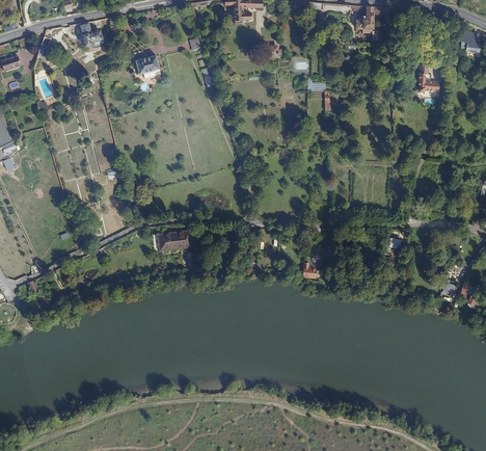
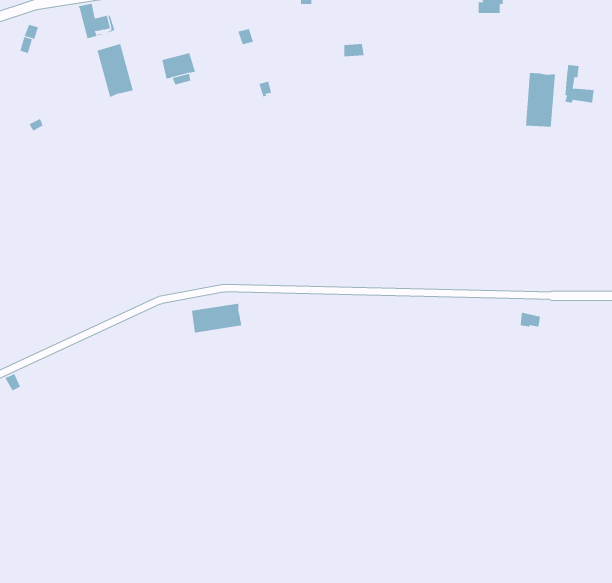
building: none -> [97,43,134,98]
building: none -> [525,72,555,127]

